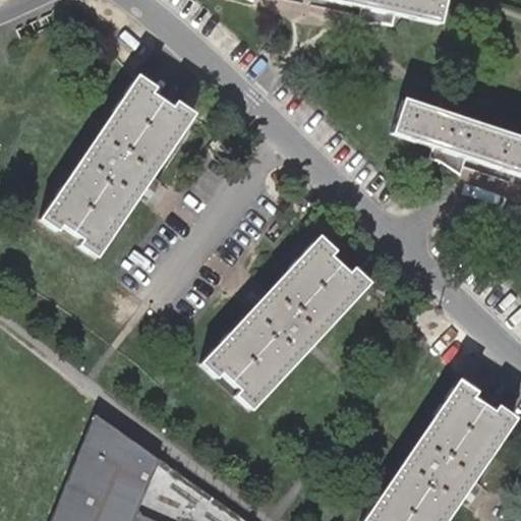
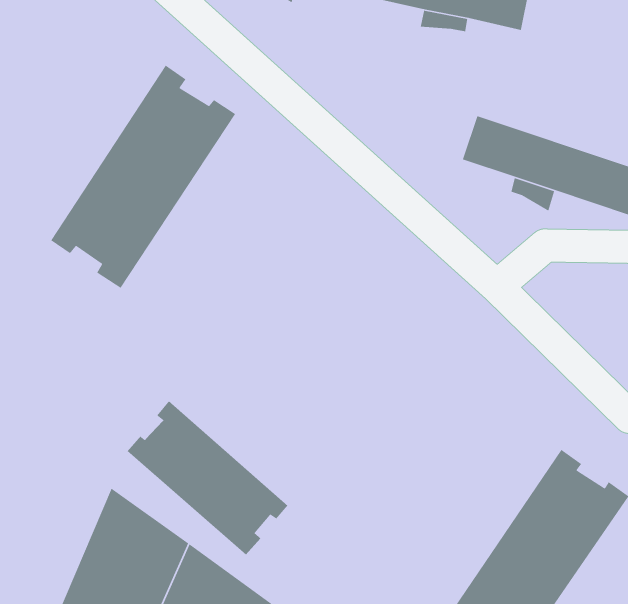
building: [210,233,374,410] -> none
building: none -> [127,400,288,556]

